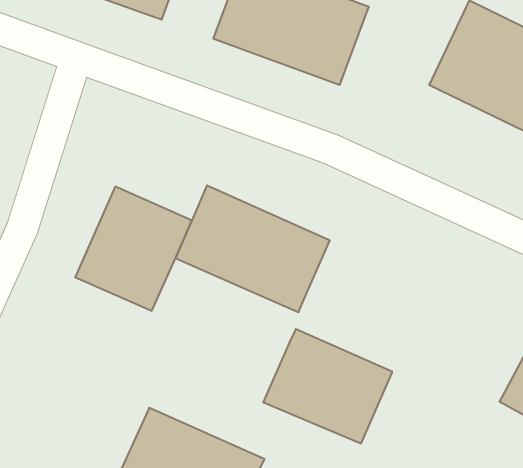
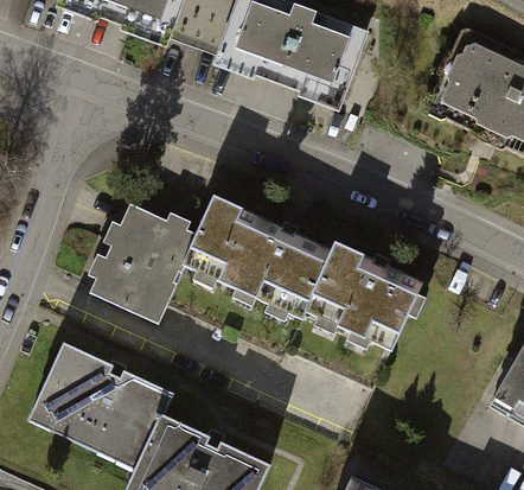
building: [263,329,392,443] -> [303,244,426,352]
building: none -> [26,341,170,464]

